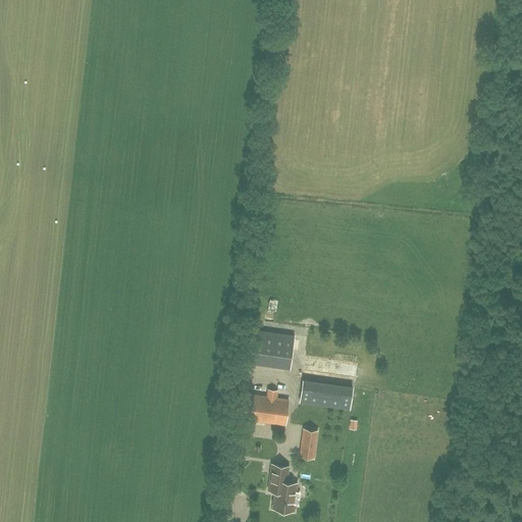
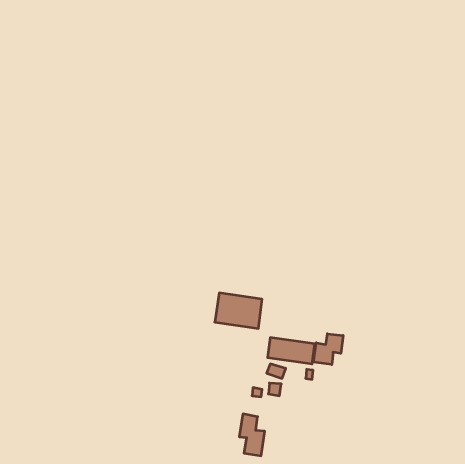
building: none -> [313,334,343,365]
building: [244,390,289,425] -> none

